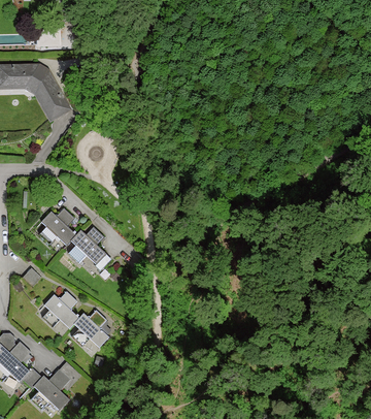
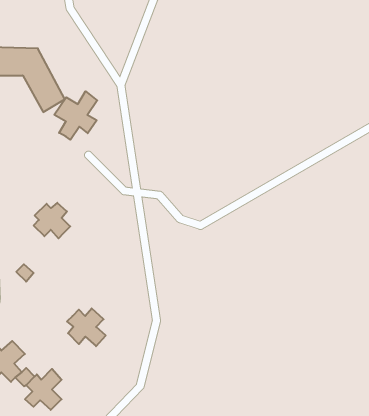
building: none -> [54,91,97,140]
building: [68,228,108,266] -> none
building: [43,292,77,328] -> none

